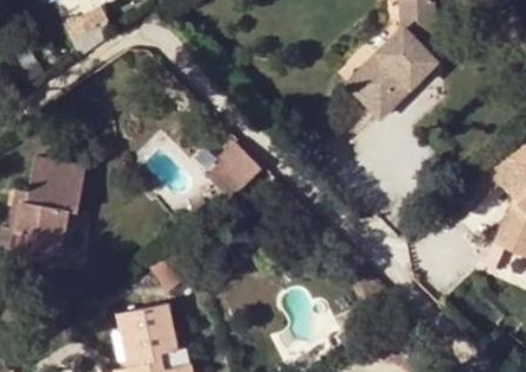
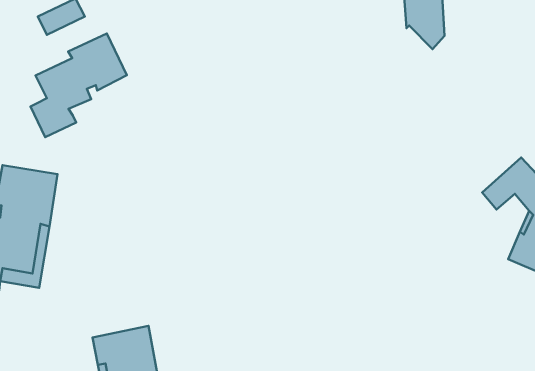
building: [349,30,436,114] -> none
building: none -> [30,33,127,137]
building: [206,140,264,200] -> none

